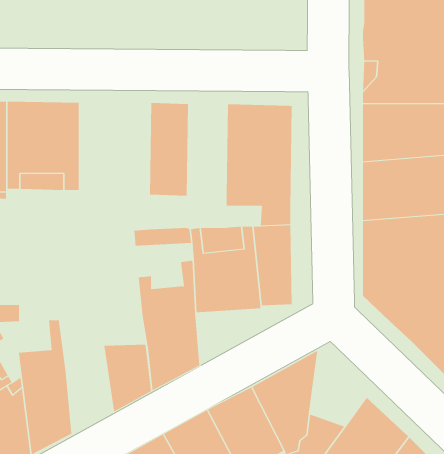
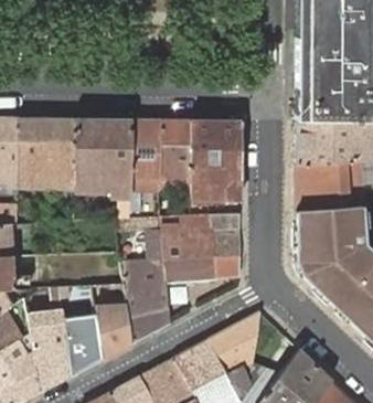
building: none -> [76,118,131,198]
building: none -> [160,119,191,191]
building: none -> [66,285,103,375]

